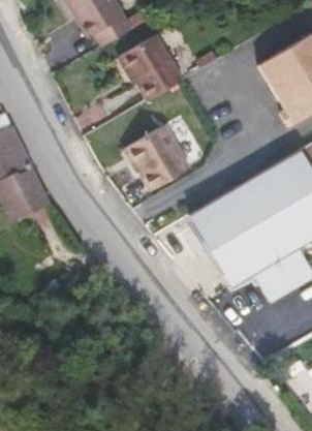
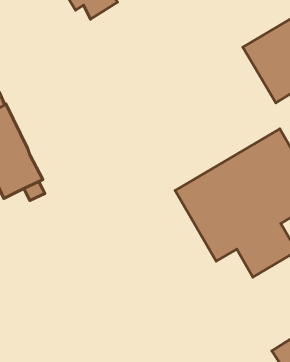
building: [121,34,186,101] -> none
building: [126,124,192,191] -> none

